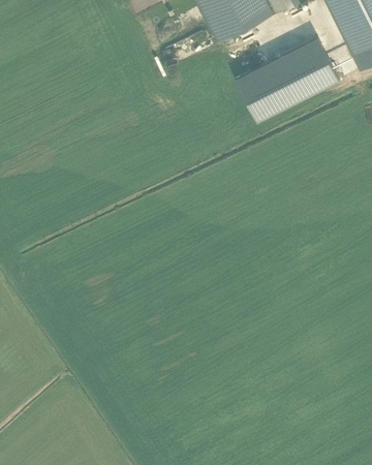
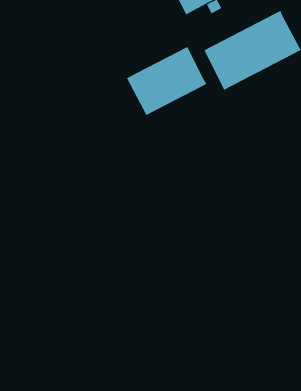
building: none -> [126,46,207,116]

